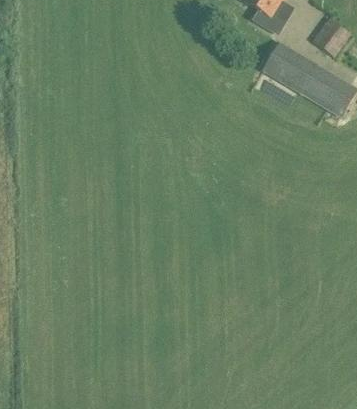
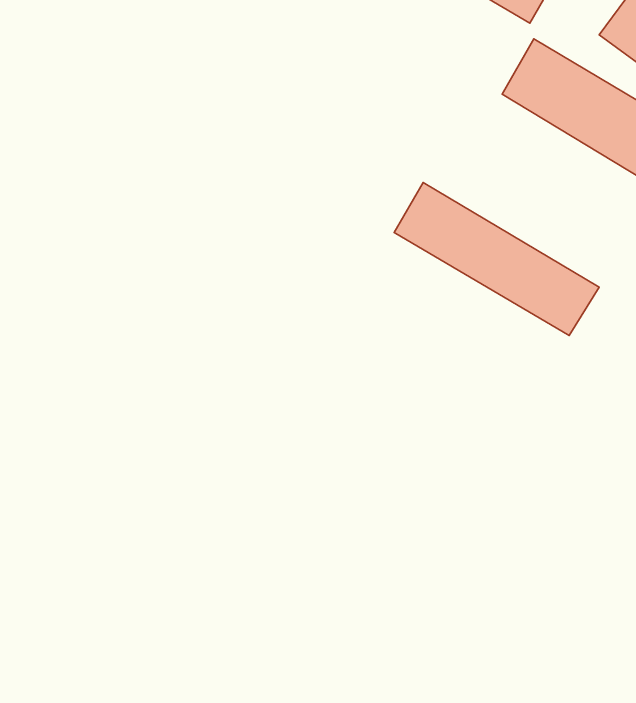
building: none -> [394,182,599,335]

